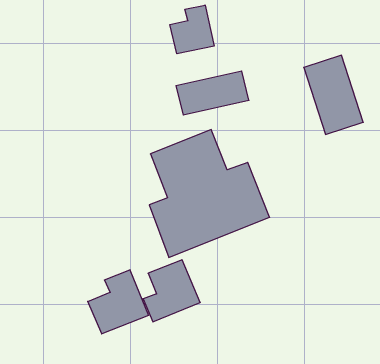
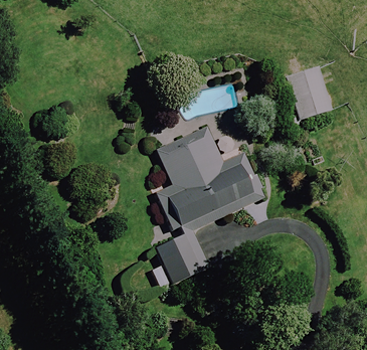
building: [170,5,214,54] -> none
building: [88,270,149,334] -> none

